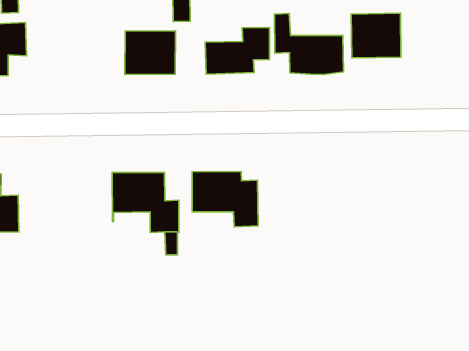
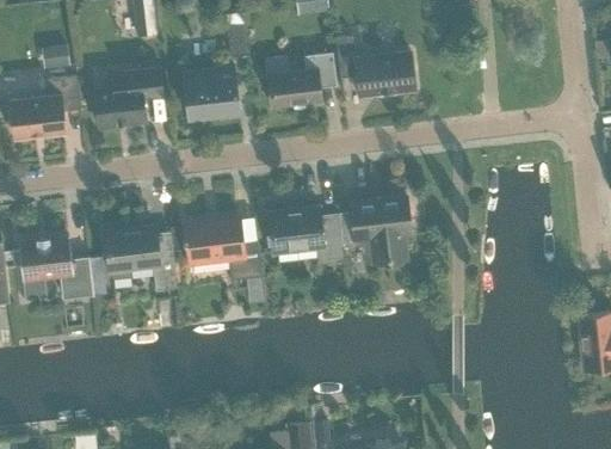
building: [351,13,401,58] -> none
building: none -> [93,68,162,129]
building: none -> [338,196,409,264]
building: none -> [104,226,177,290]

